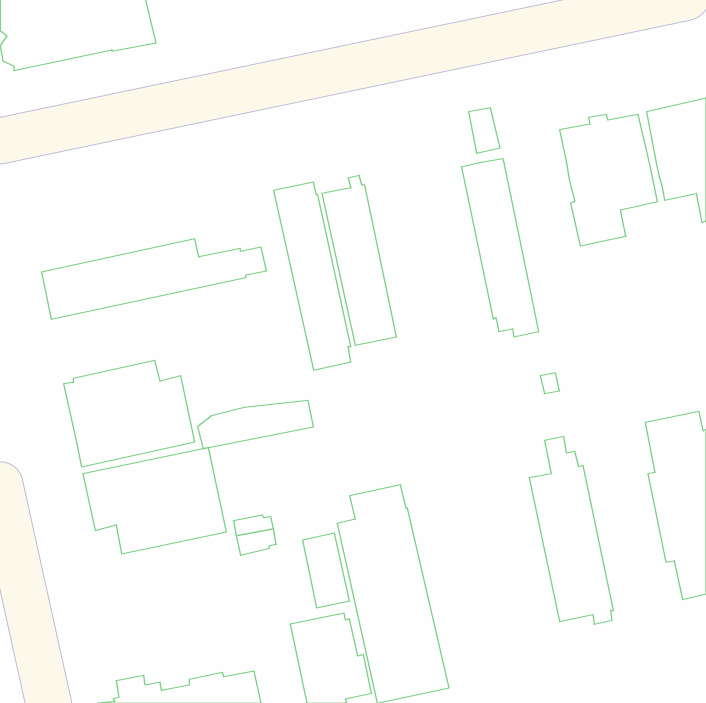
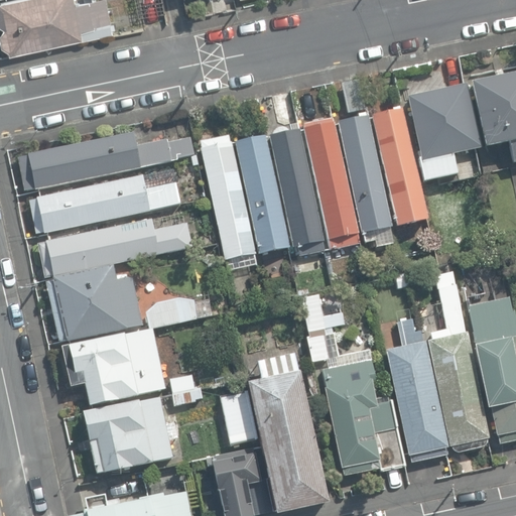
building: none -> [372,108,427,226]
building: none -> [304,117,359,248]
building: none -> [269,121,325,258]
building: none -> [18,133,195,189]
building: none -> [38,219,188,277]
building: none -> [429,271,491,452]
building: none -> [301,293,405,475]
building: none -> [84,396,172,471]

